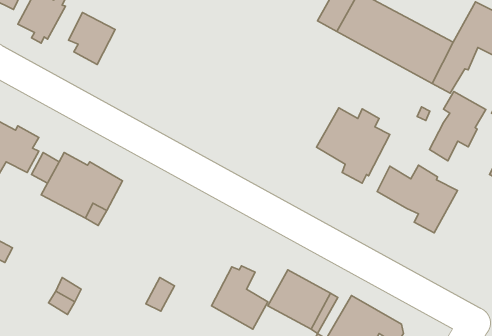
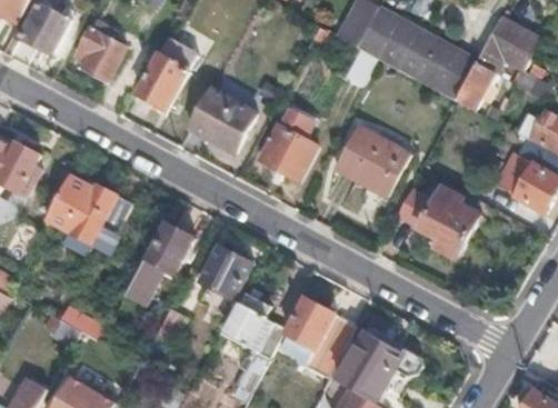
building: none -> [138,38,195,115]
building: none -> [187,88,255,152]
building: none -> [262,107,317,180]
building: [429,92,486,161] -> none
building: none -> [127,223,192,305]
building: none -> [199,247,250,299]

